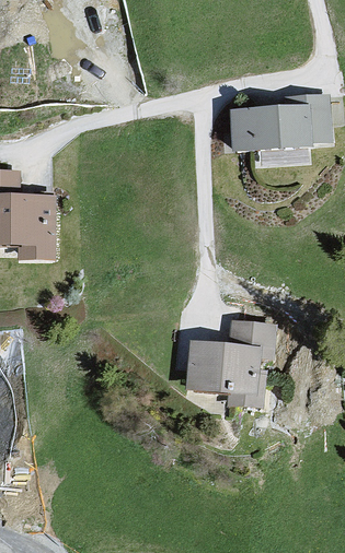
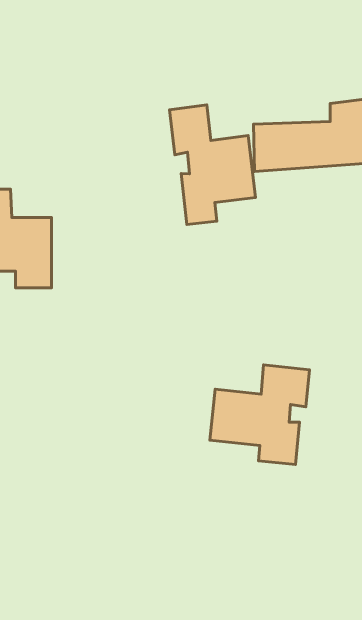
building: none -> [170,105,256,225]

